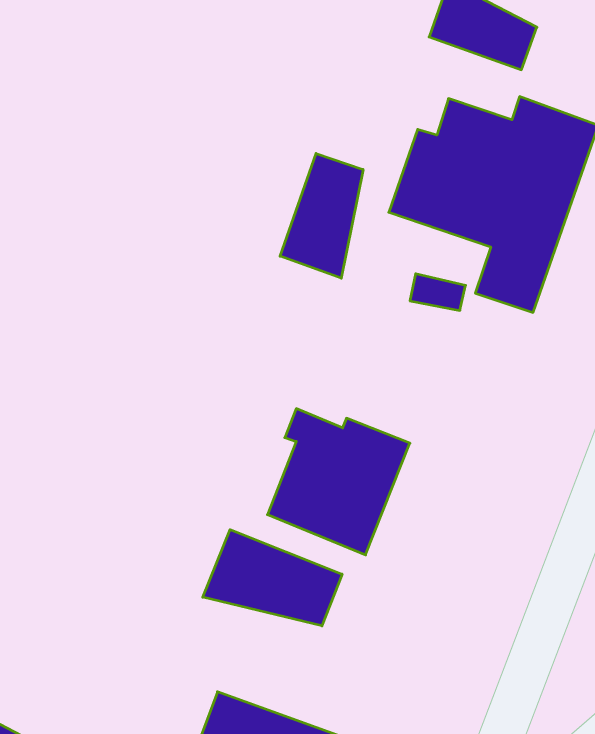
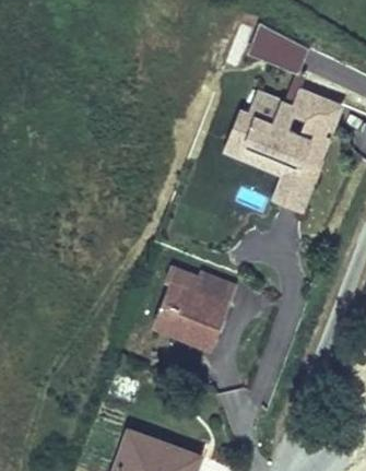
building: [280,153,363,278] -> none
building: [203,530,342,626] -> none

